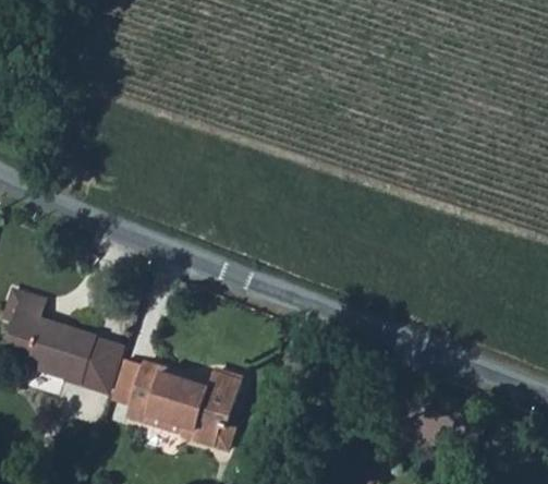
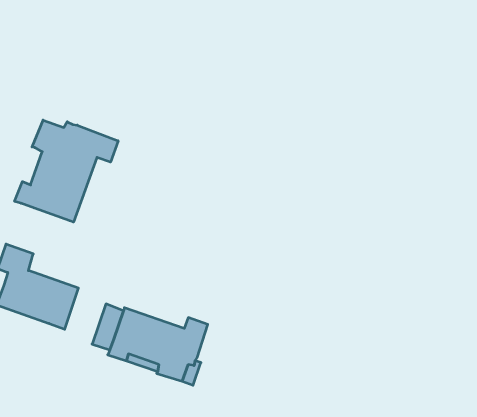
building: none -> [15,120,118,222]
building: [62,338,129,400] -> none

